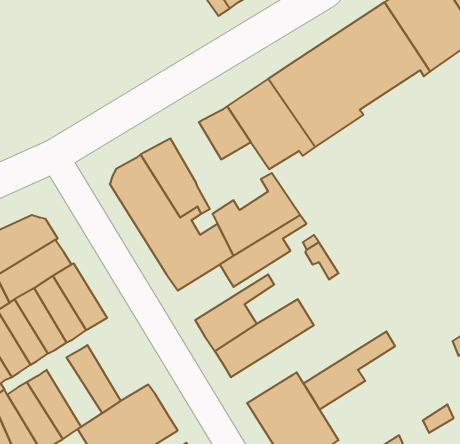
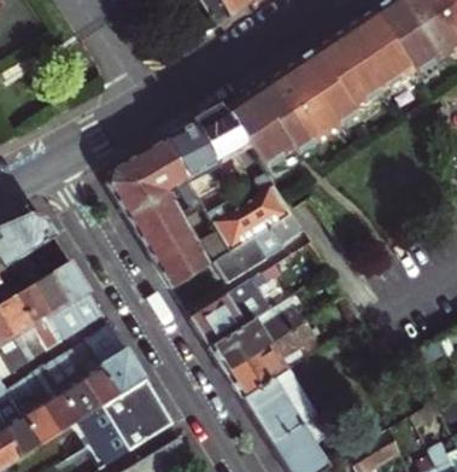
building: none -> [168,124,221,183]
building: none -> [87,326,146,396]
building: [303,331,395,409] -> [227,322,316,398]
building: none -> [47,354,101,421]

